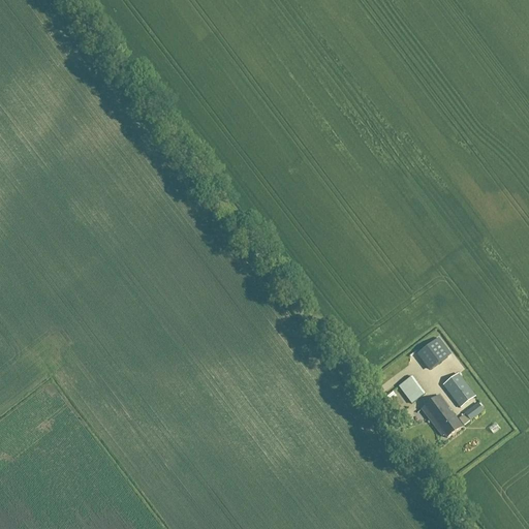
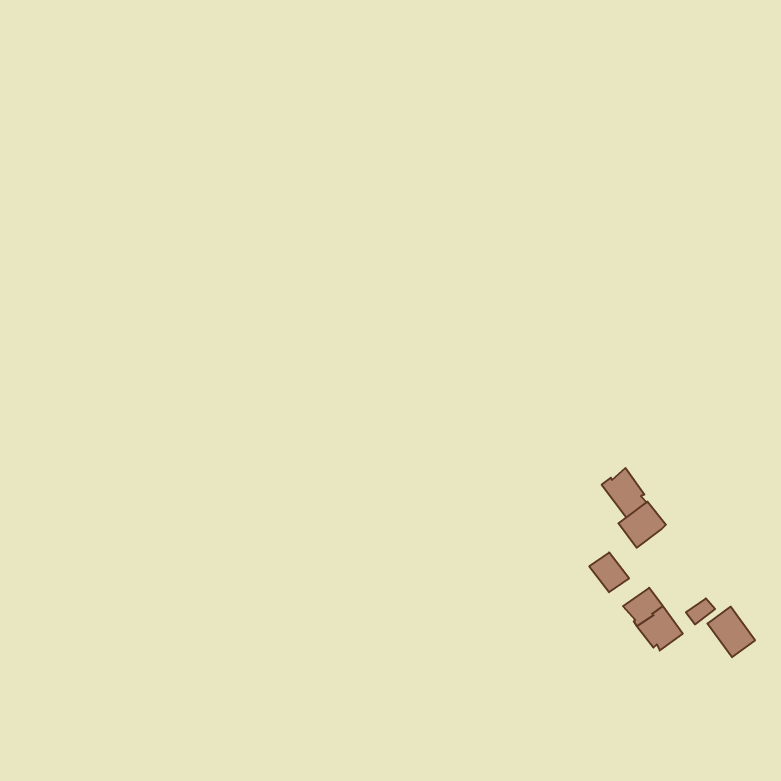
building: none -> [602,468,647,517]
building: [441,373,473,407] -> [707,607,755,657]

